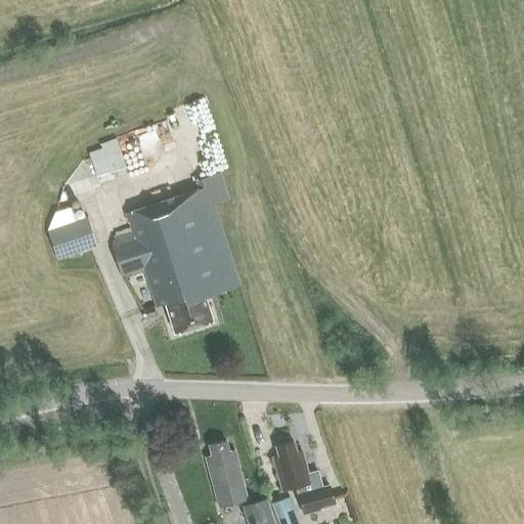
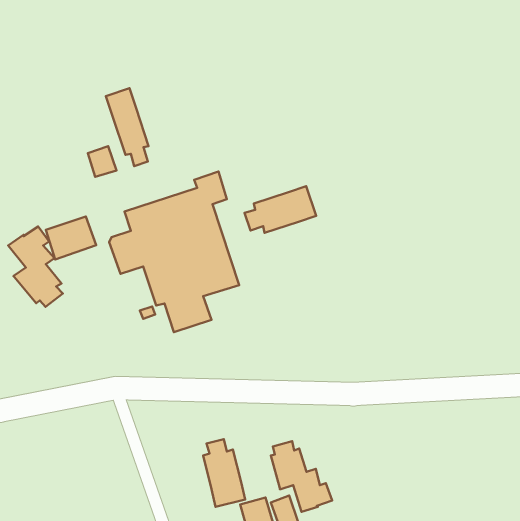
building: none -> [106,88,149,166]
building: none -> [244,186,316,233]
building: none -> [8,226,63,307]

